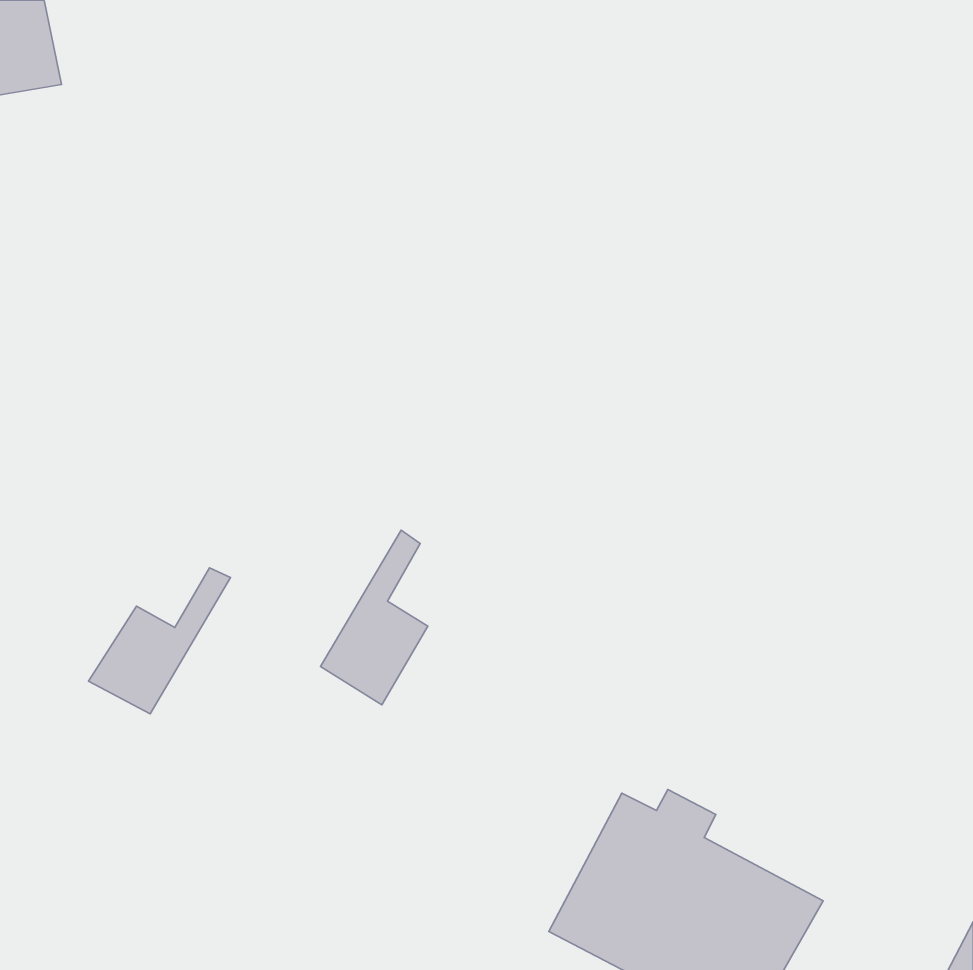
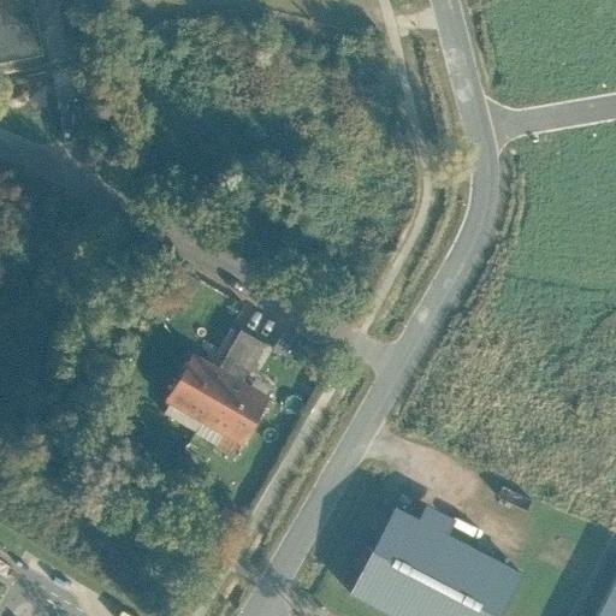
building: [89,568,231,714] -> [162,333,251,425]

